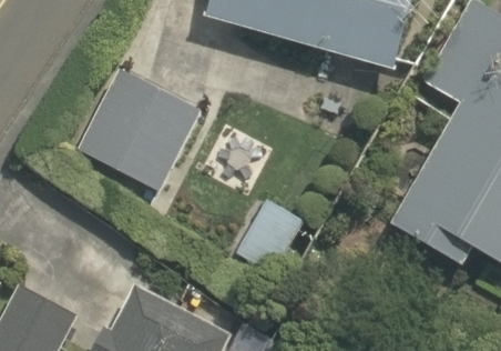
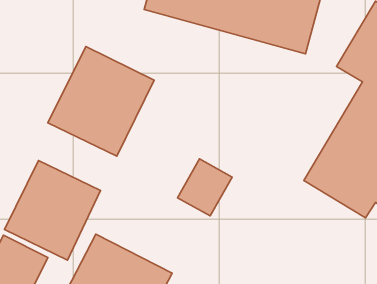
building: none -> [5,160,101,260]

